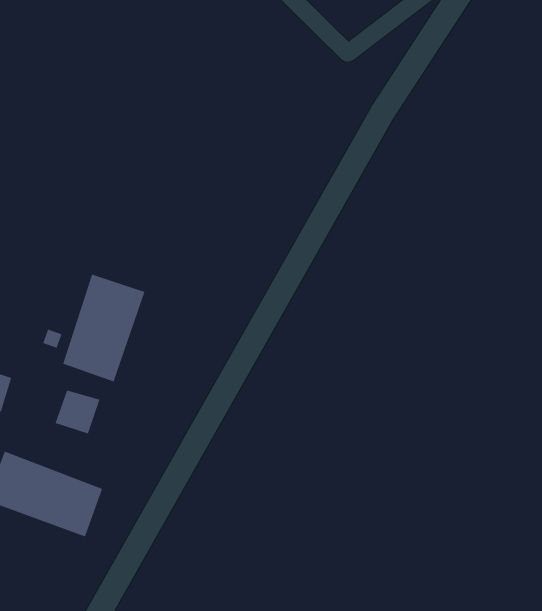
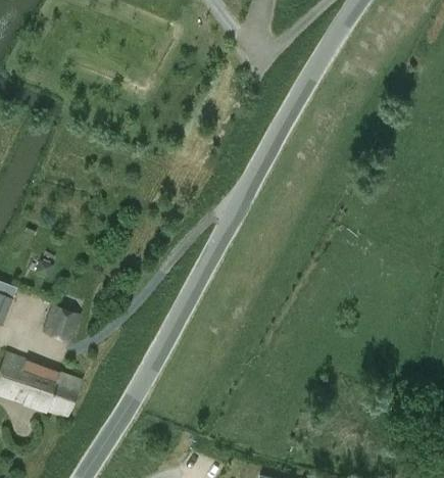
building: [62,273,146,382] -> none

